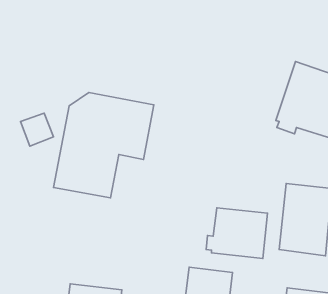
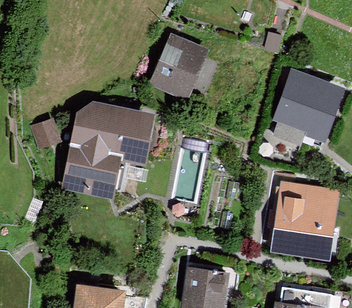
building: none -> [151,33,212,102]
building: [206,208,268,259] -> none

